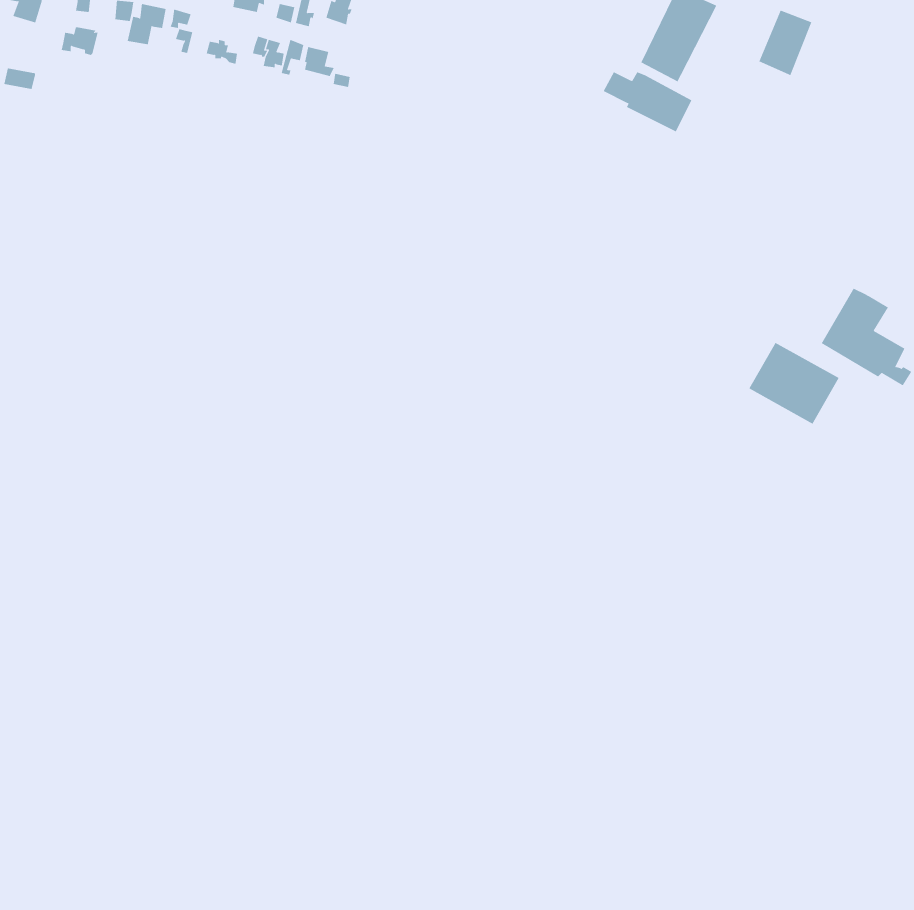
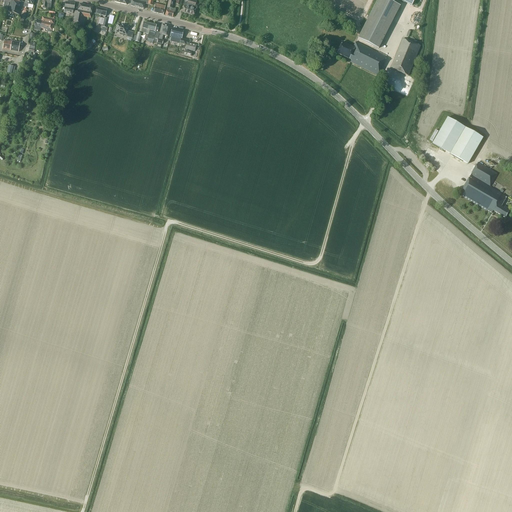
building: [759,10,812,76] -> [390,37,420,74]
building: [748,342,840,424] -> [432,116,483,162]

